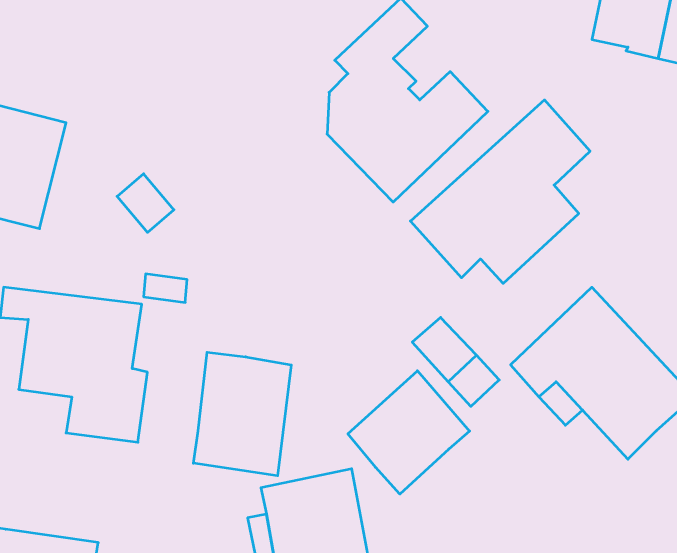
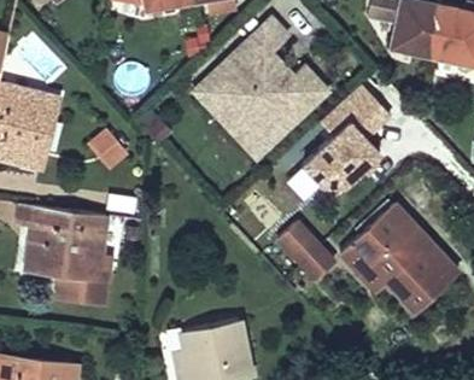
building: none -> [195,59,267,158]
building: [193,352,291,476] -> none
building: [348,371,470,494] -> none

